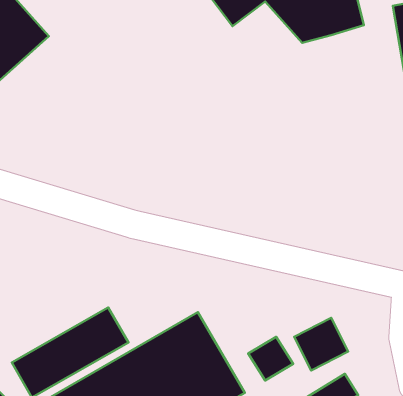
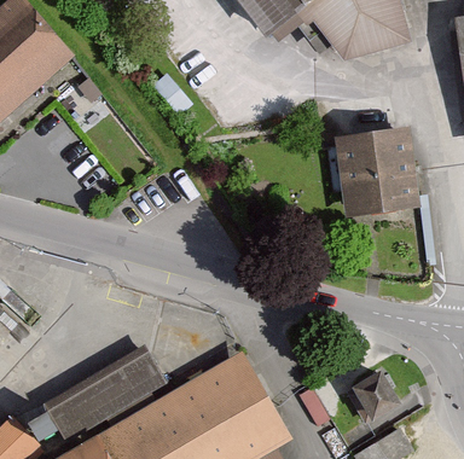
building: none -> [336,128,410,210]

